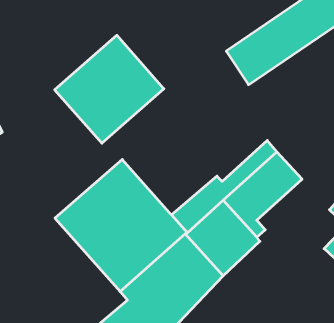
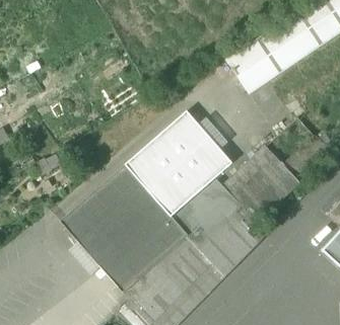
building: [55,35,164,143] -> [127,111,232,216]

